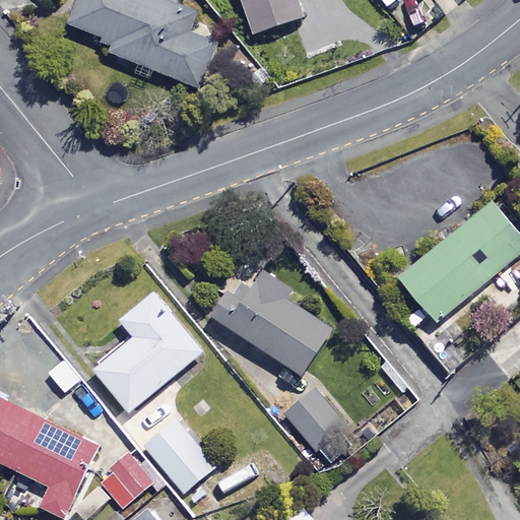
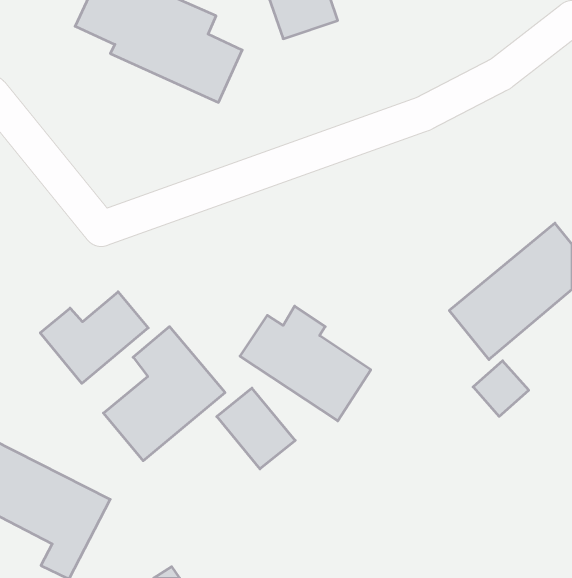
building: none -> [40,292,148,383]
building: [284,388,342,447] -> none
building: [142,419,212,492] -> [217,388,295,469]
building: [98,452,153,507] -> none

